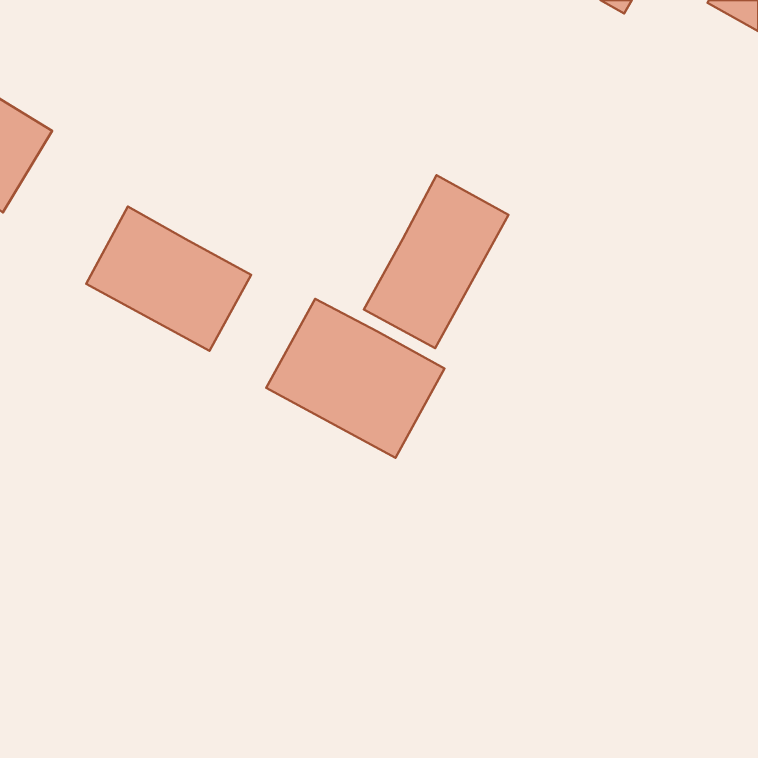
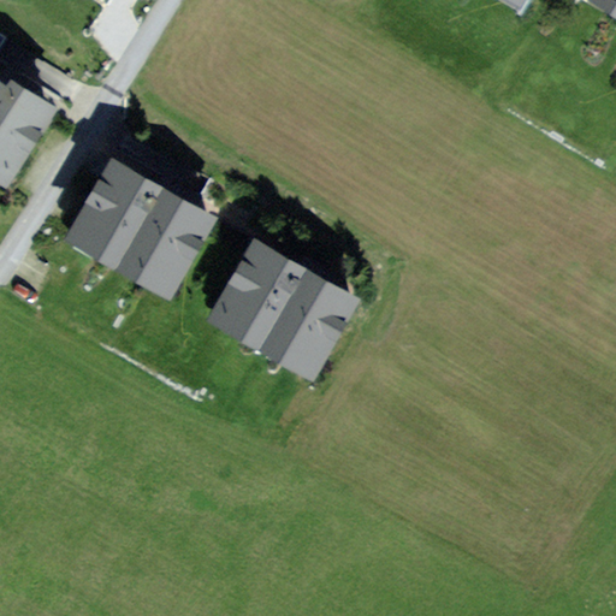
building: [364,175,508,348] -> none

